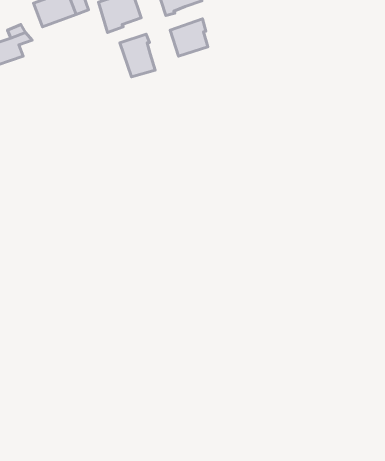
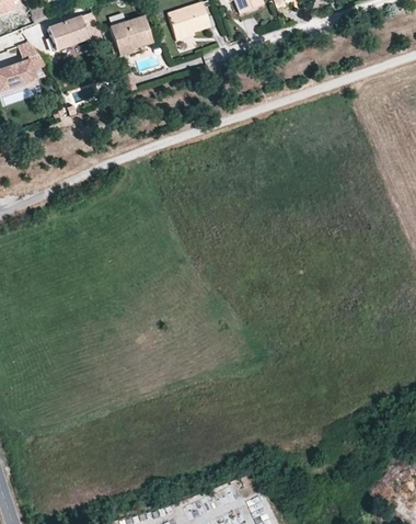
building: [170,19,208,56] -> none
building: [120,34,155,77] -> none

